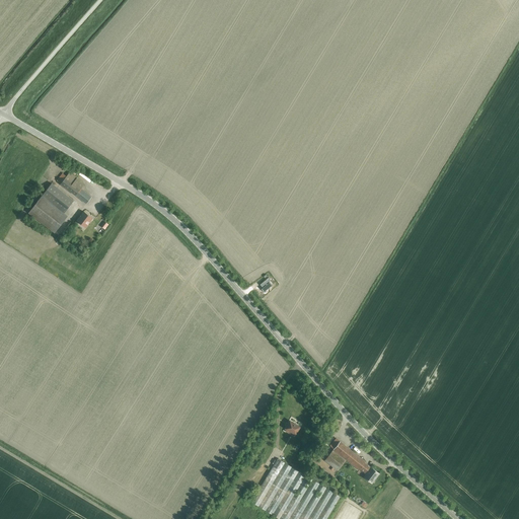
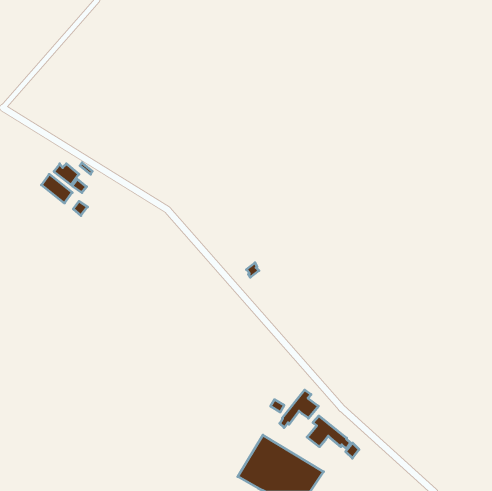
building: [28,197,68,234] -> none
building: none -> [280,390,318,428]

